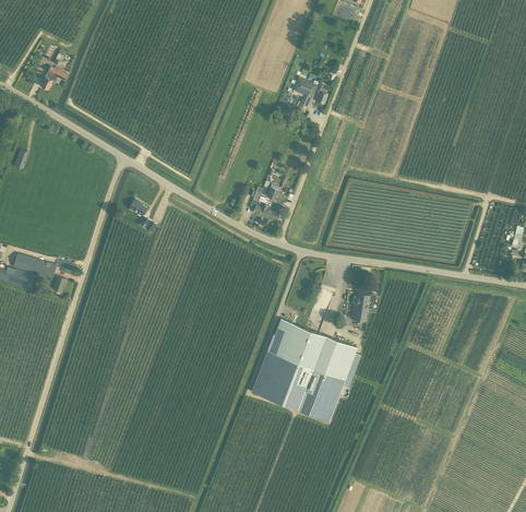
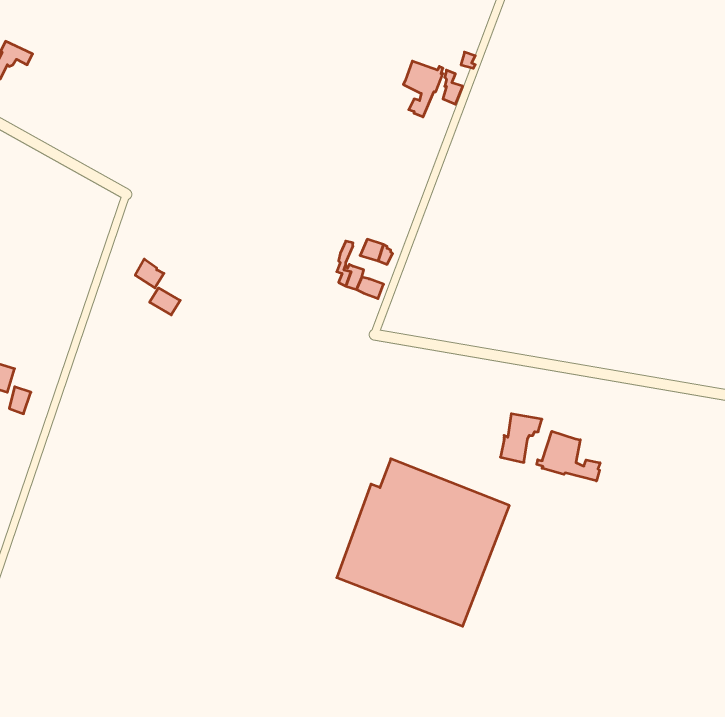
building: none -> [537,431,600,481]

